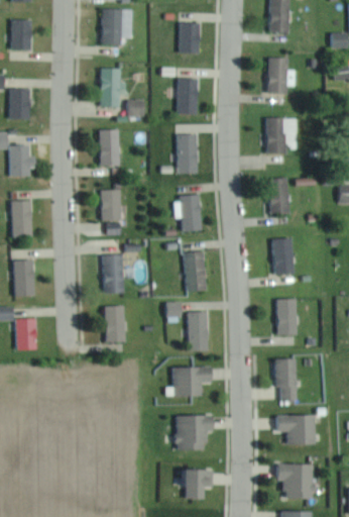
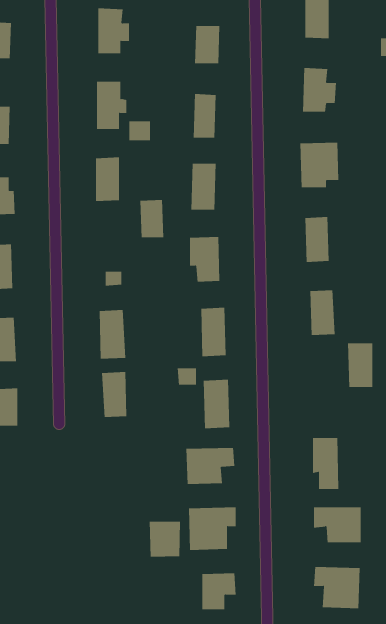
building: [101,190,121,221] -> [139,199,164,238]
building: [275,299,297,335] -> [347,343,373,388]
building: none -> [149,521,180,557]

